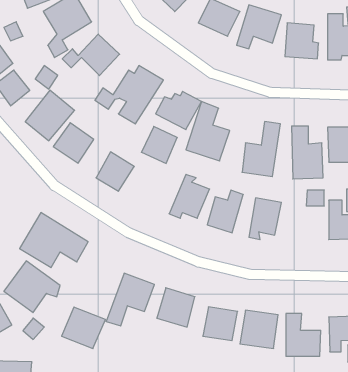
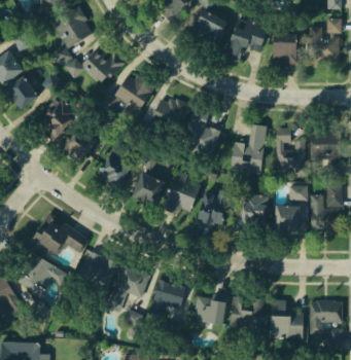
building: [141,126,177,163] -> [131,172,164,206]
building: none -> [274,205,297,230]
building: [62,307,105,349] -> [78,252,118,290]

